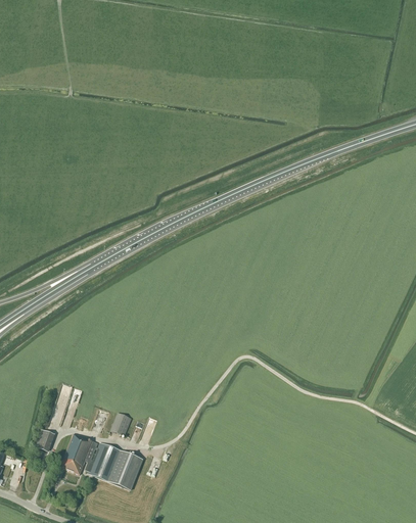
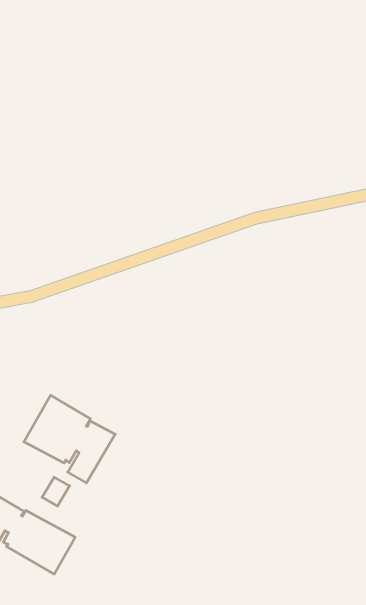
building: none -> [24,395,115,483]

